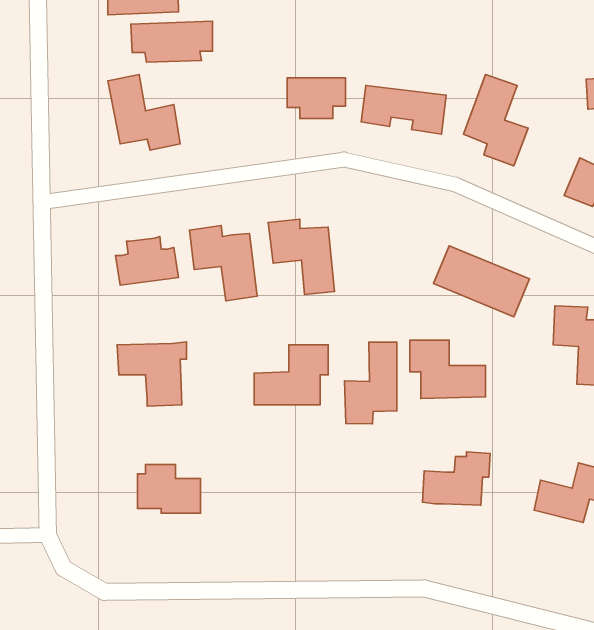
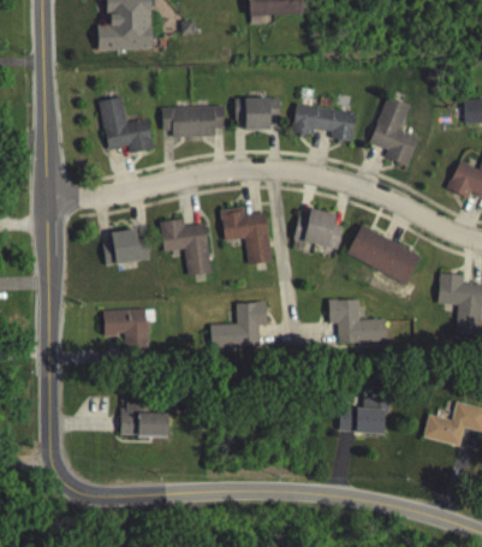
building: [131,21,213,62] -> [162,107,225,138]
building: none -> [292,209,345,251]
building: [344,342,397,424] -> none

